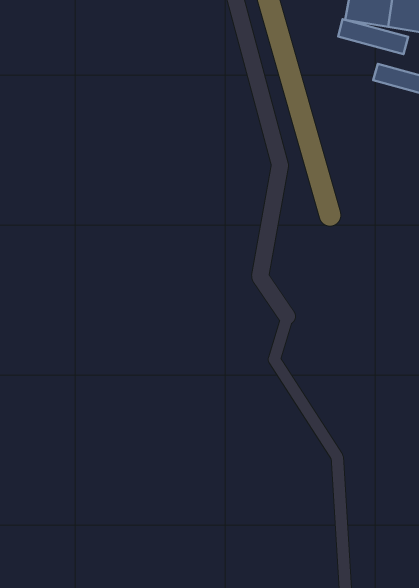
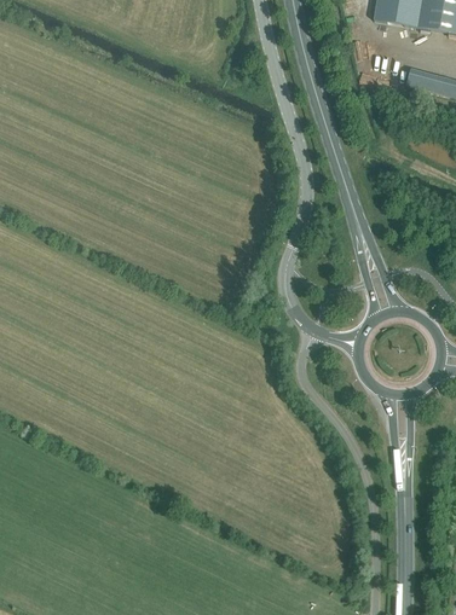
building: [338,19,408,54] -> none

